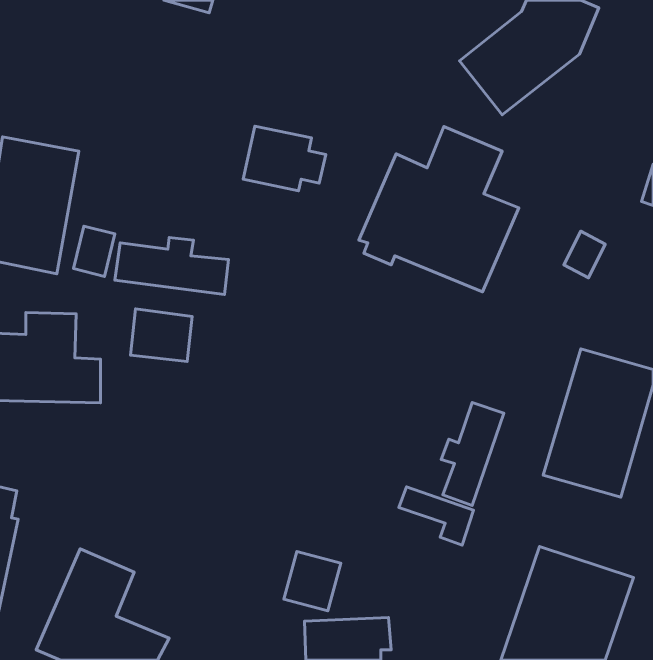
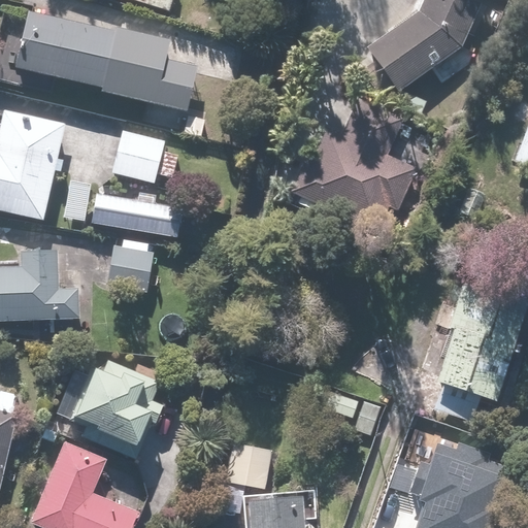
building: none -> [18,12,197,109]
building: [243,126,326,191] -> [108,131,174,183]
building: [441,403,504,505] -> none
building: none -> [50,351,151,462]

